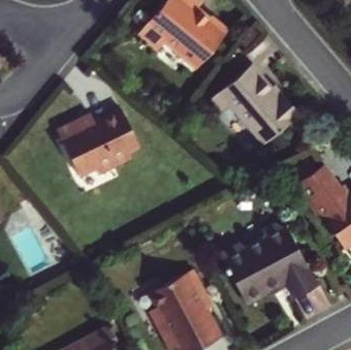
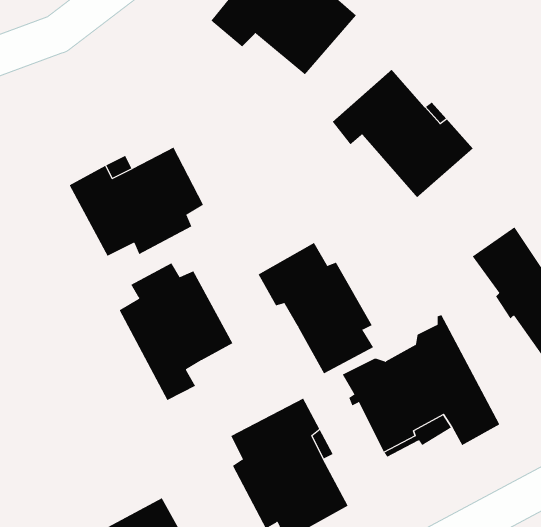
building: none -> [258,242,374,374]
building: none -> [119,263,233,401]

